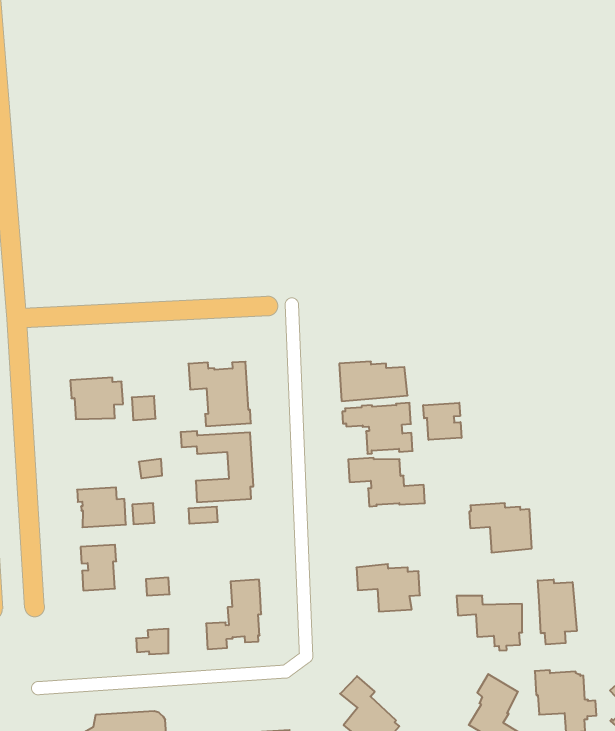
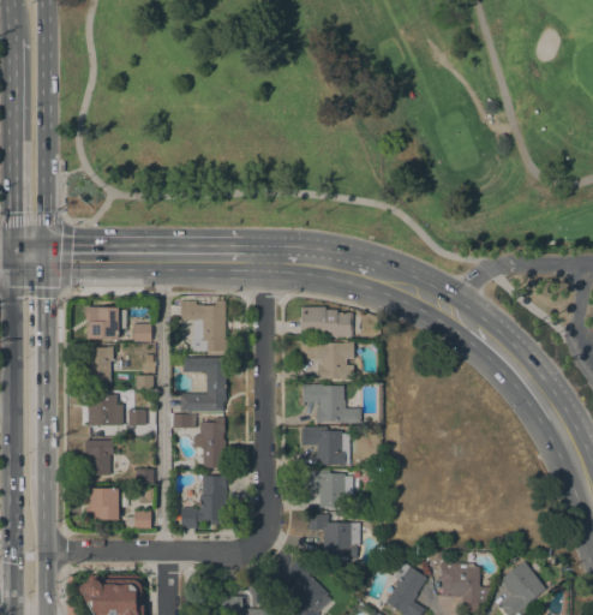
building: [423,403,461,440] -> none
building: none -> [88,347,113,382]
building: [469,503,532,552] -> [301,428,349,466]
building: none -> [196,418,226,468]
building: [538,579,577,644] -> none
building: [457,596,522,650] -> [309,514,360,560]
building: none -> [86,489,119,520]

